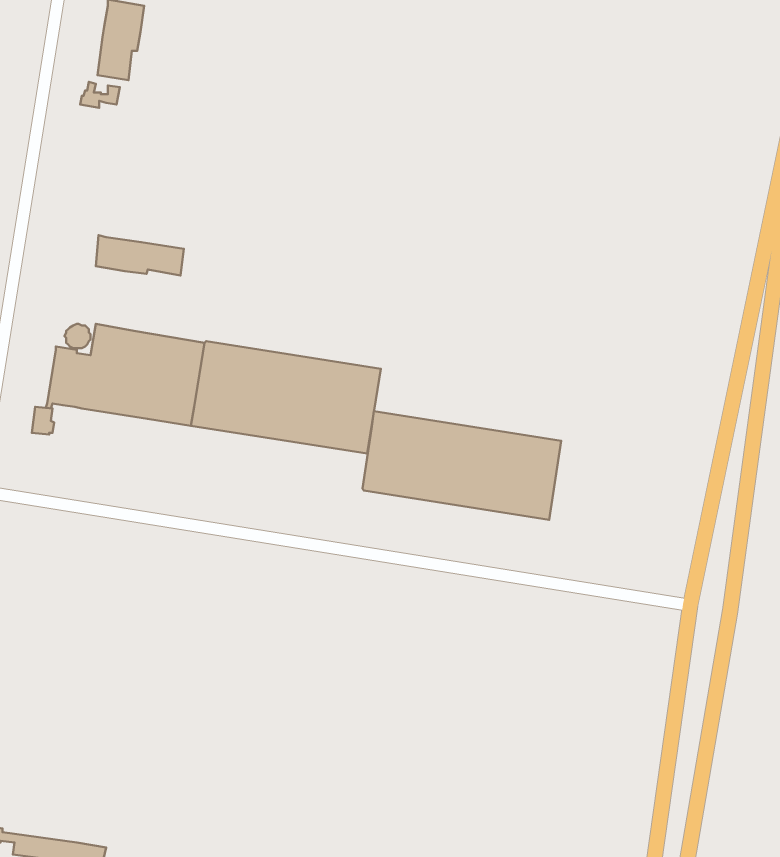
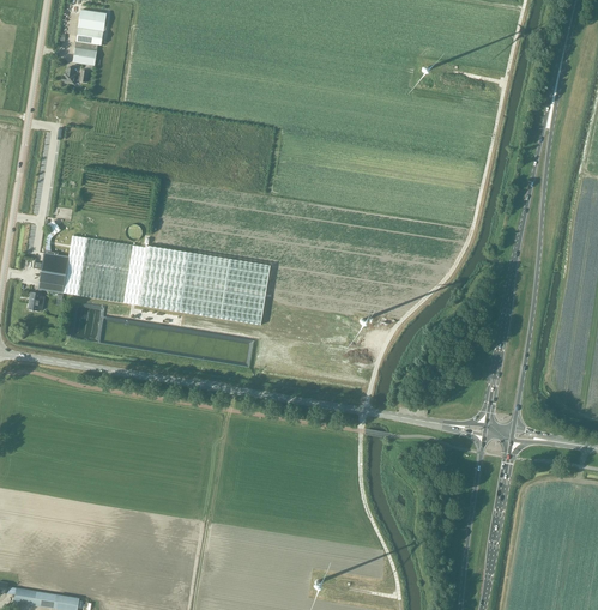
building: [96,235,184,275] -> none
building: [362,411,561,520] -> none

